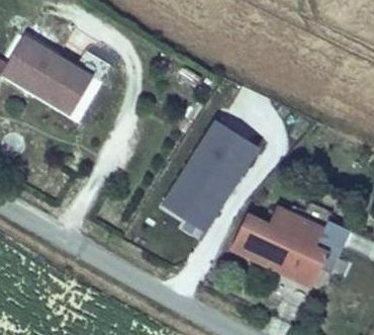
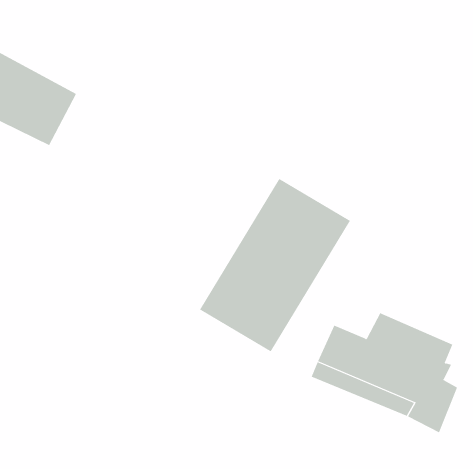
building: [59,64,94,109] -> none

